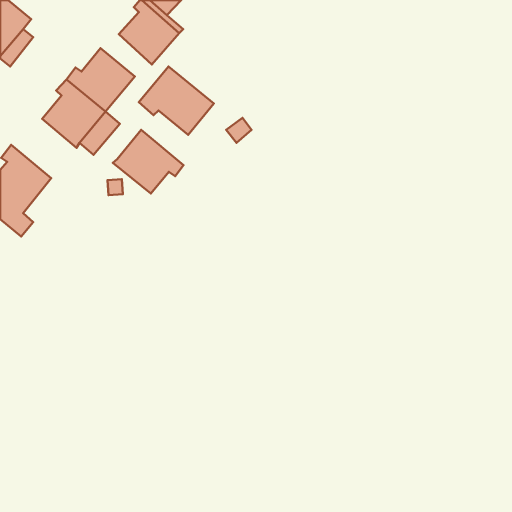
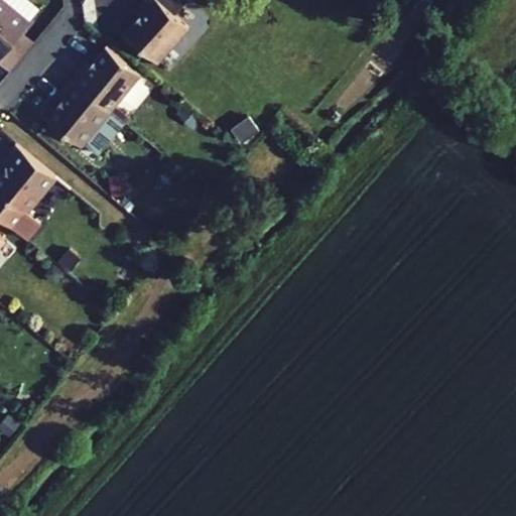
building: [139,66,214,135] -> none
building: [113,130,183,193] -> none

